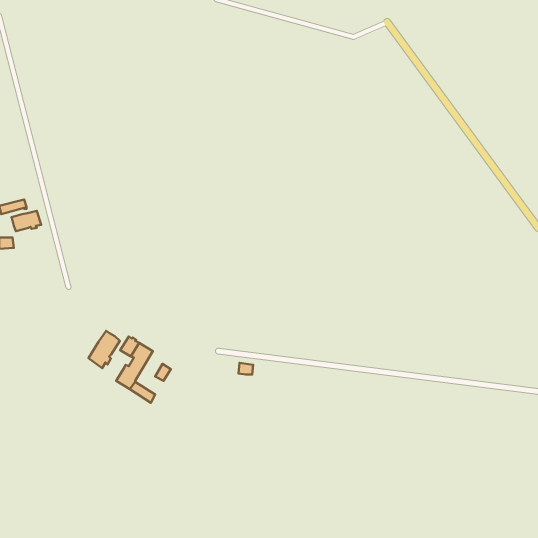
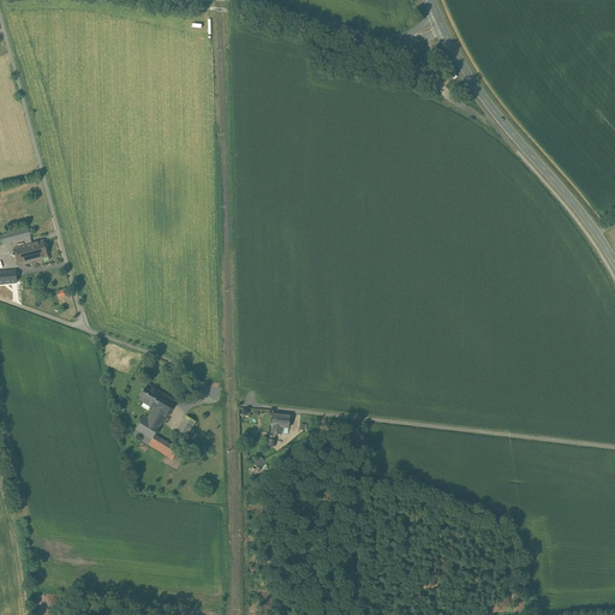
building: [89,331,120,368] -> none

